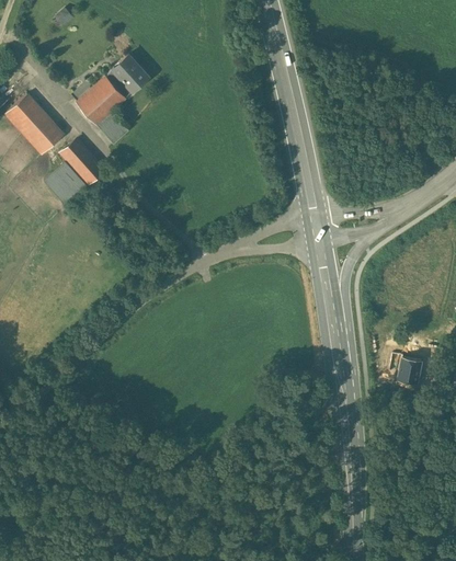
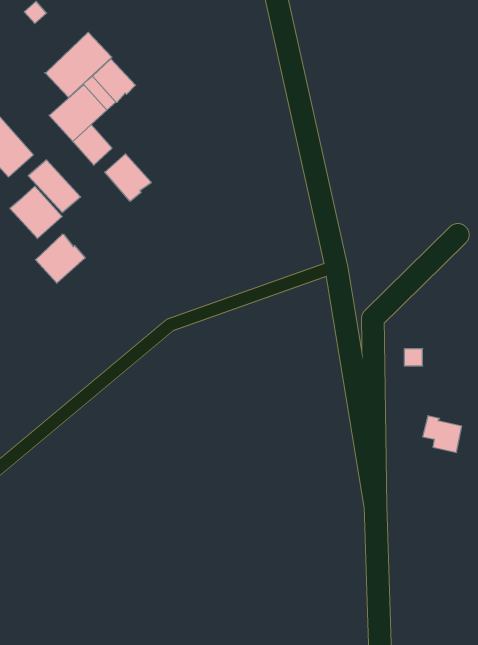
building: none -> [45,32,112,98]
building: none -> [105,154,151,201]
building: none -> [35,234,85,283]

